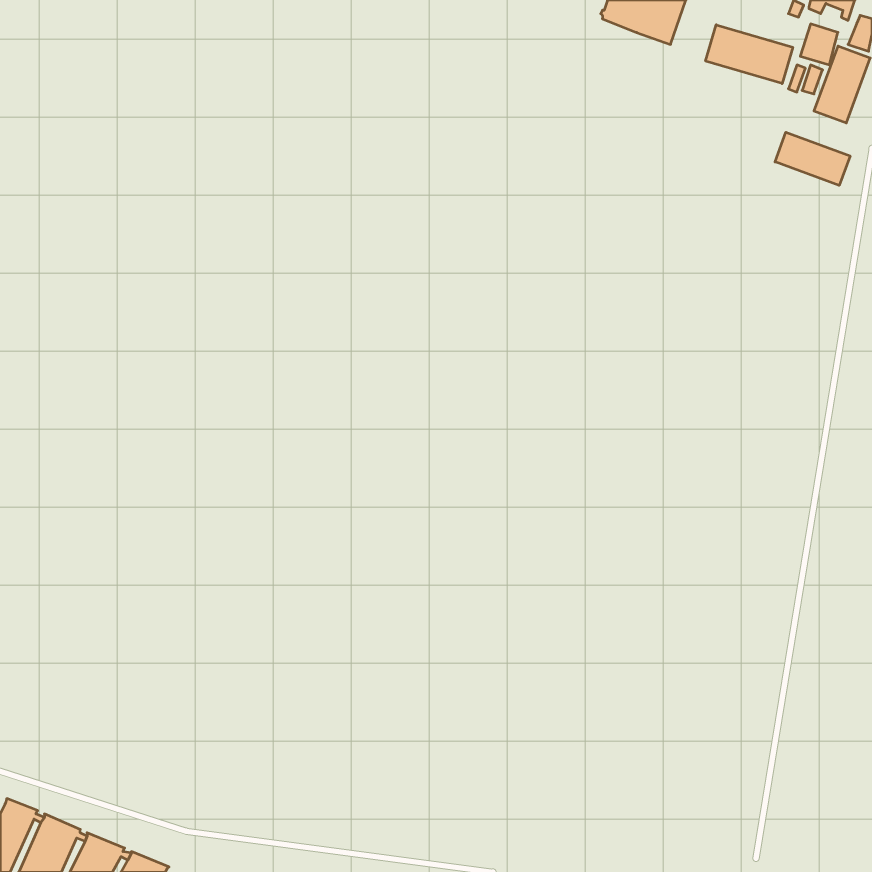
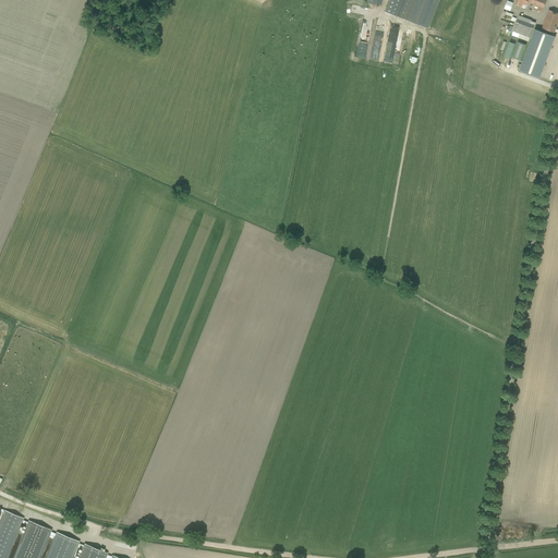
building: [706,25,793,84] -> none
building: [775,132,850,185] -> none

